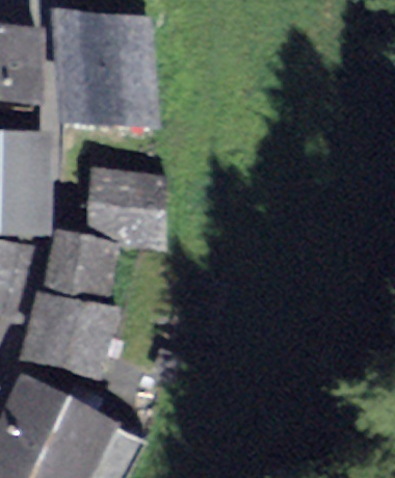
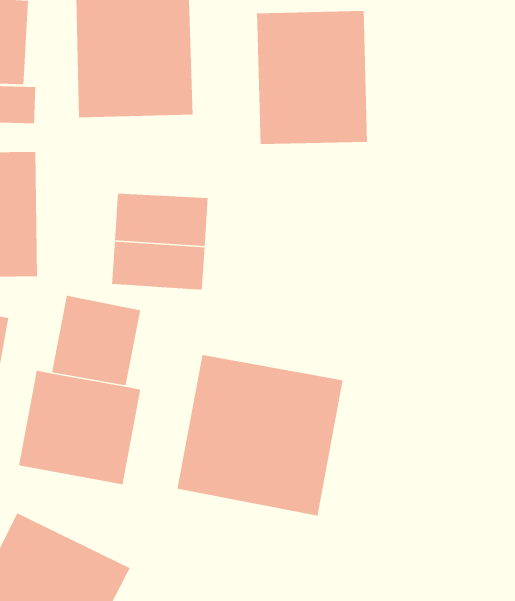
building: none -> [256,10,368,145]
building: none -> [177,354,343,517]

